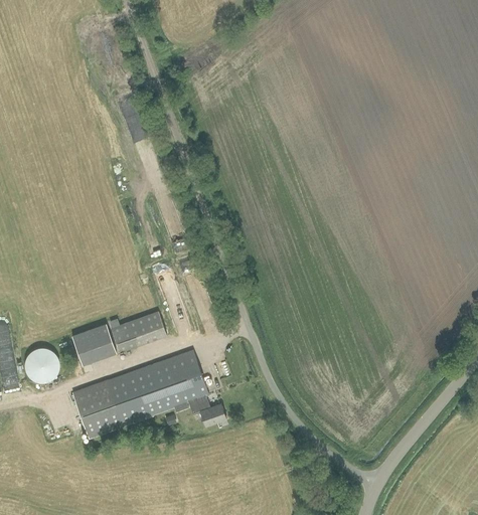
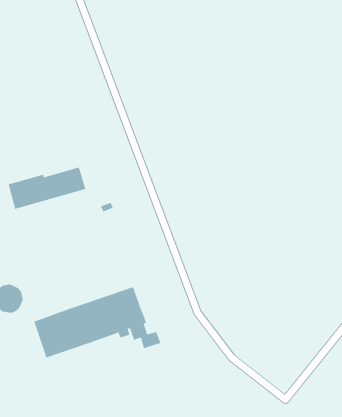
building: [77,310,172,361] -> [8,167,86,209]

